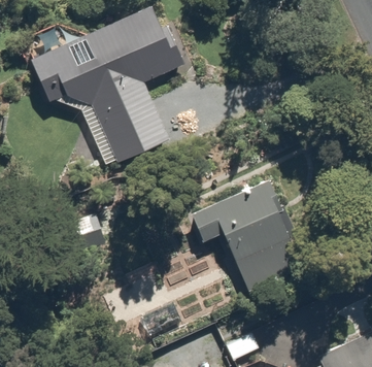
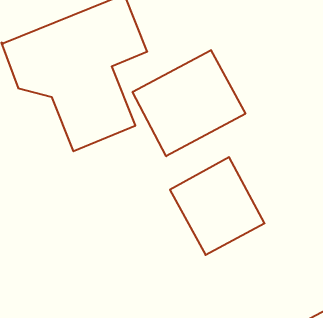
building: none -> [133,50,245,156]

